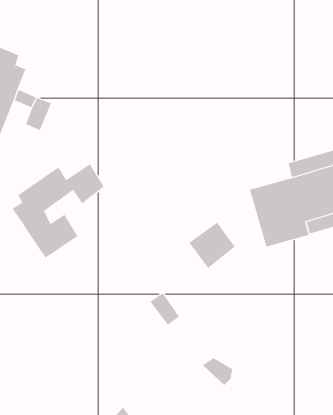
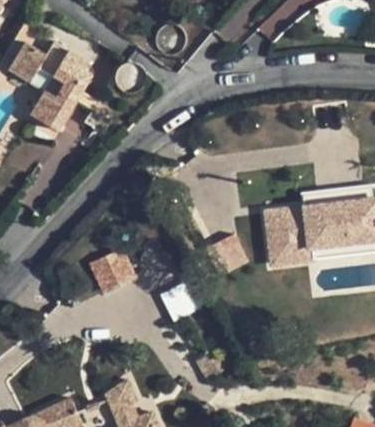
building: [12,164,104,259] -> none
building: none -> [89,249,133,292]

